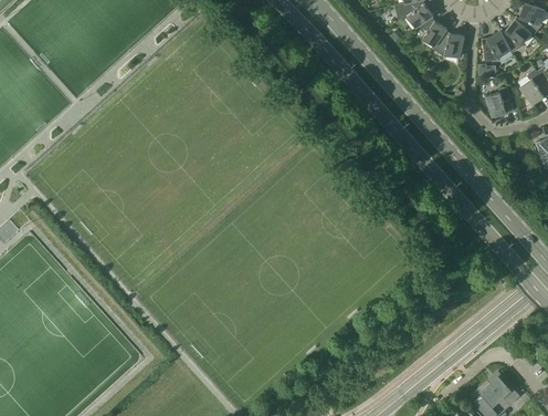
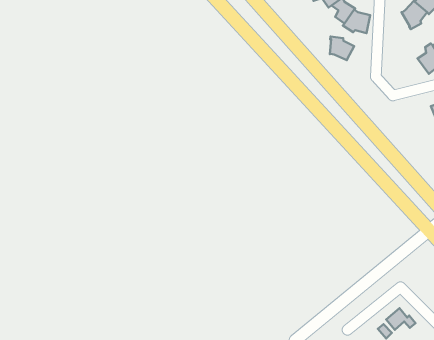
building: [482,30,510,61] -> none
building: none -> [330,36,354,60]
building: [486,86,514,116] -> none

